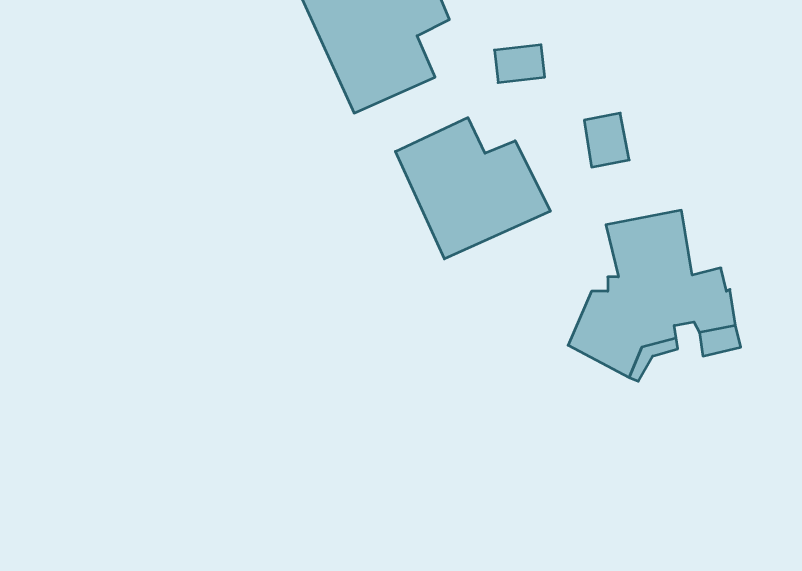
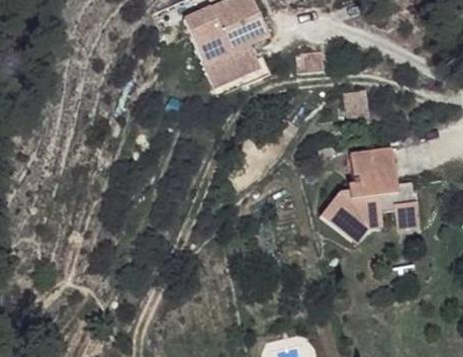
building: [395,118,550,259] -> none

